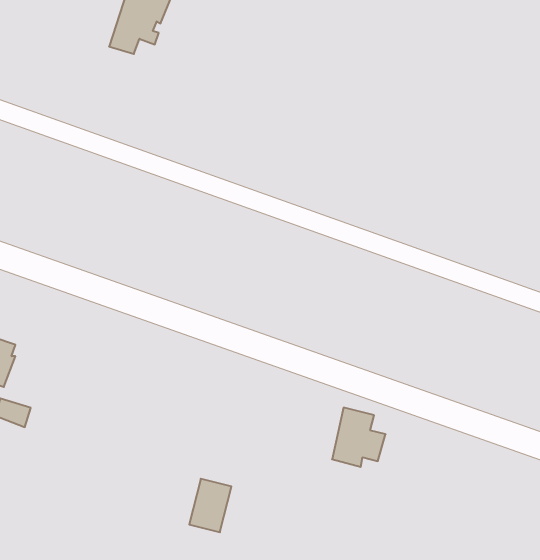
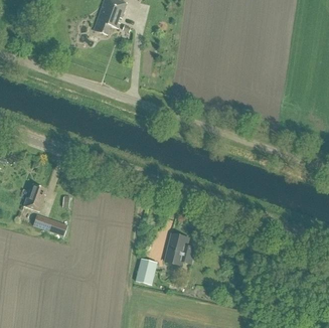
building: [332,408,386,467] -> [164,234,192,266]

